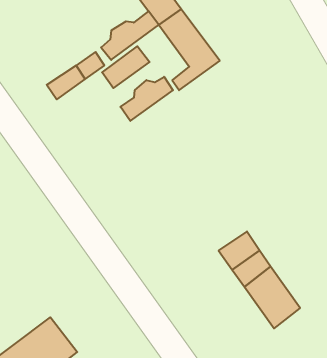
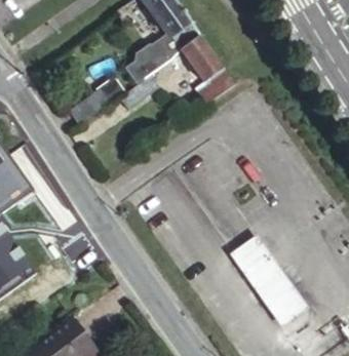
building: [120,77,173,121] -> none

